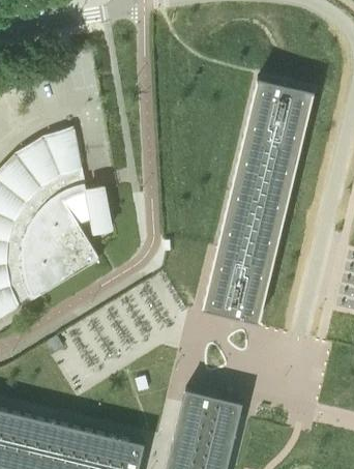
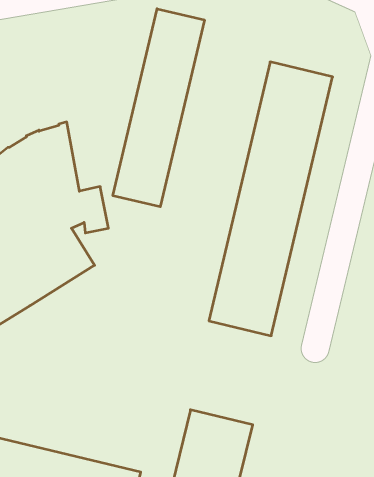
building: none -> [113,9,204,207]

